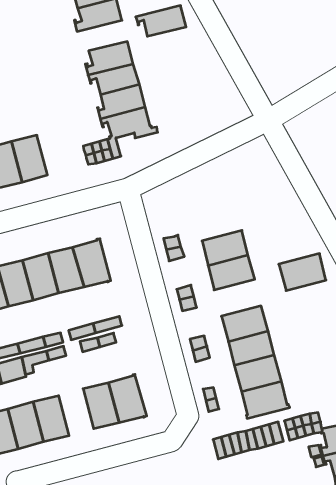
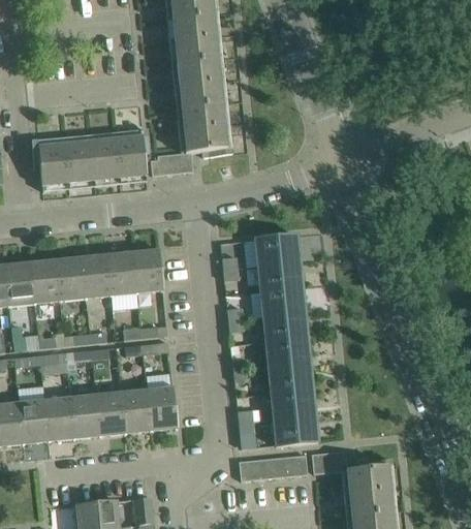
building: [136,6,186,36] -> [169,38,217,63]
building: none -> [115,134,151,178]
building: none -> [255,234,300,266]
building: [279,254,326,291] -> [263,311,307,342]
building: none -> [96,392,125,435]

